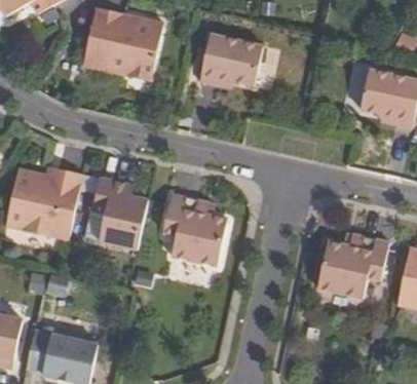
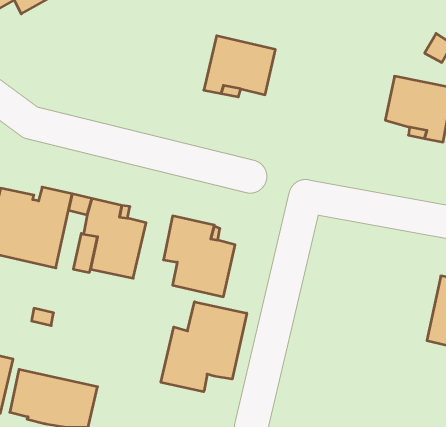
building: [82,7,162,80] -> none
building: [316,233,388,298] -> none
building: none -> [161,302,247,392]

